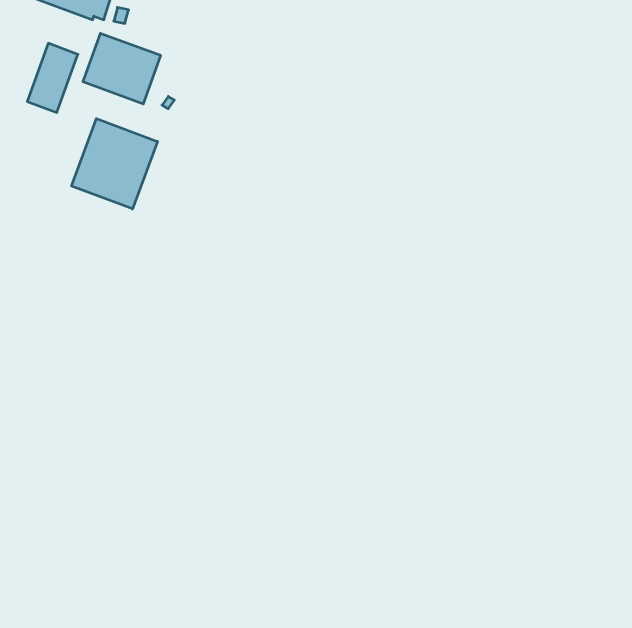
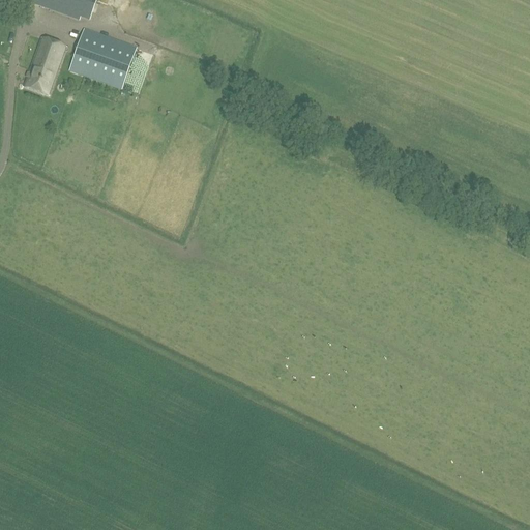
building: [72,119,157,209] -> none

